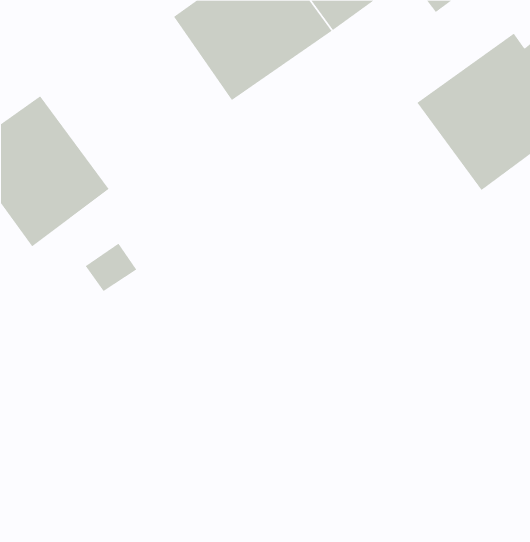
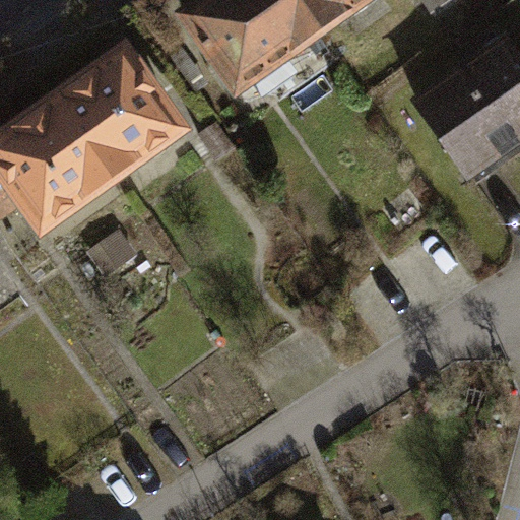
building: none -> [51,39,189,181]

